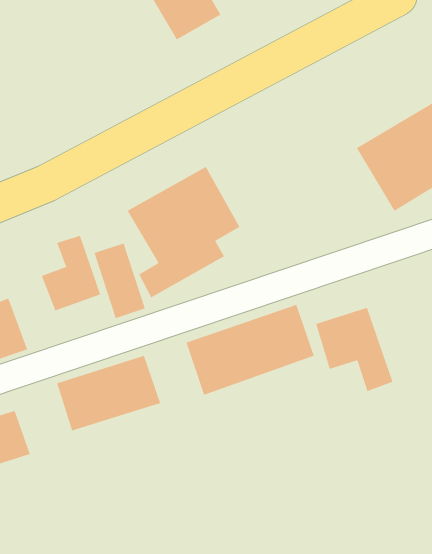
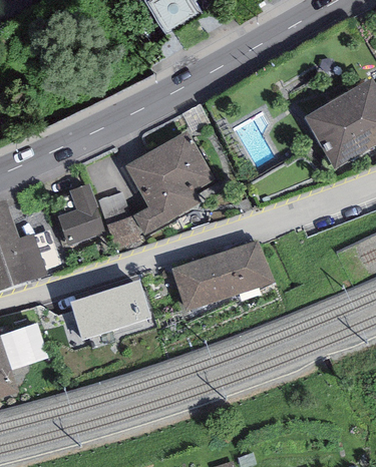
building: [315,307,393,392] -> none

